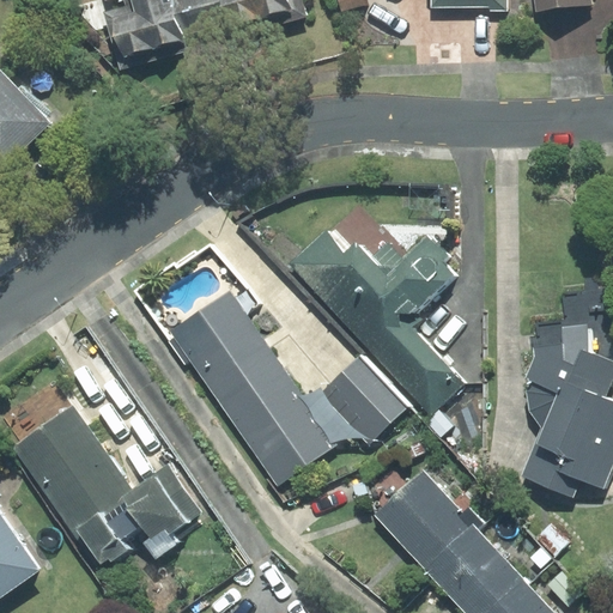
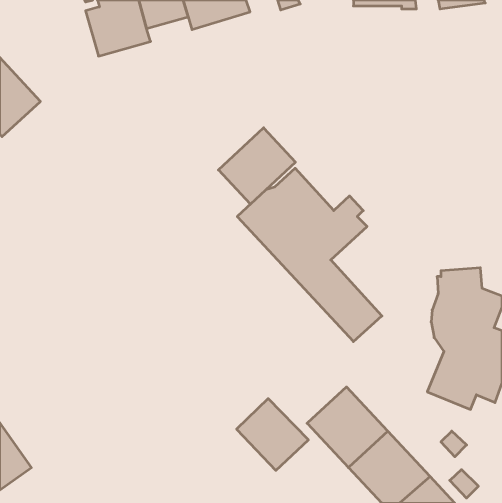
building: none -> [218,128,295,204]
building: [170,291,335,485] -> none
building: [320,357,407,444] -> [237,399,308,470]
building: [16,406,202,563] -> none

